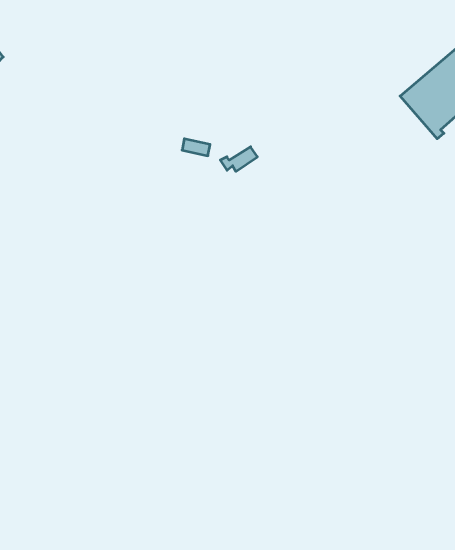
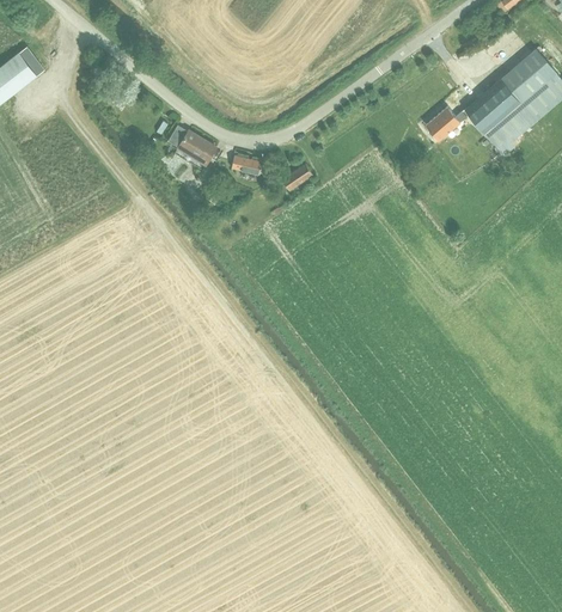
building: none -> [426,106,466,140]
building: none -> [169,126,216,170]

